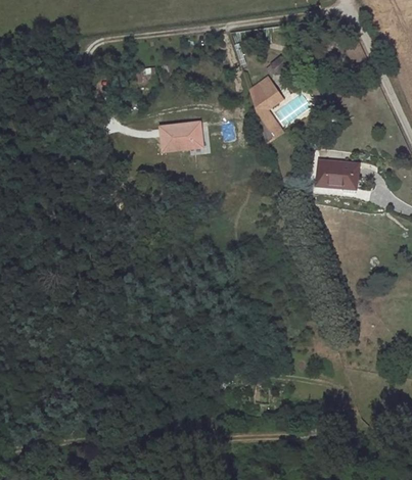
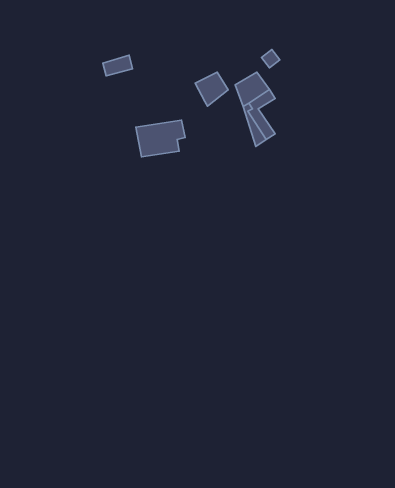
building: none -> [195,72,228,106]
building: [312,159,354,183] -> none

